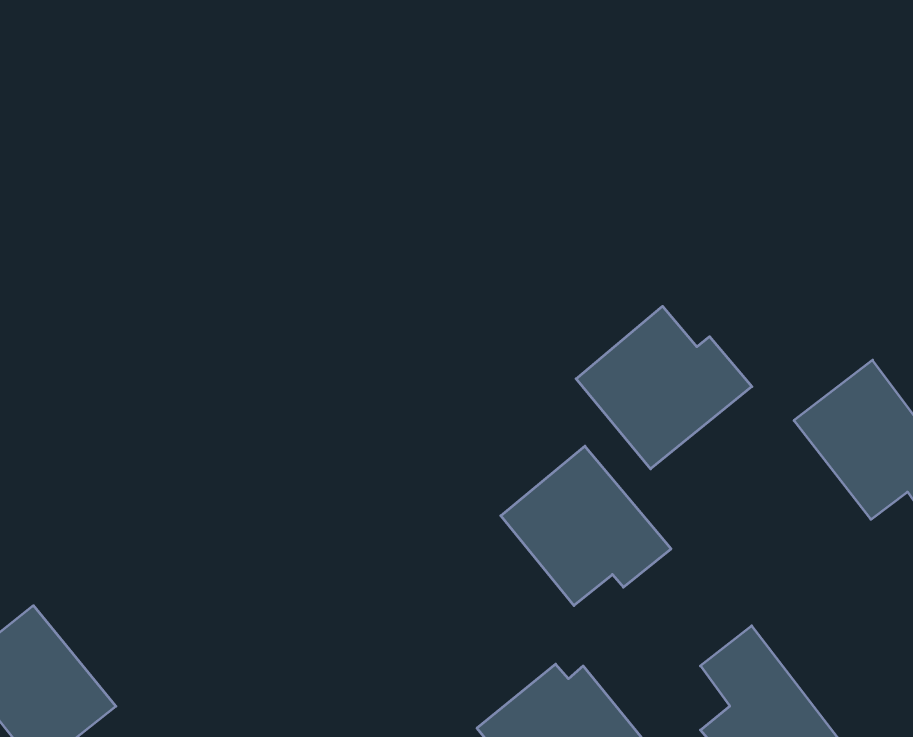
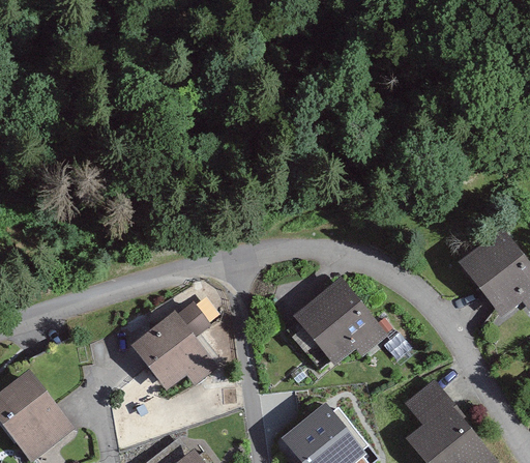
building: [576,306,752,469] -> none
building: none -> [129,295,224,394]

